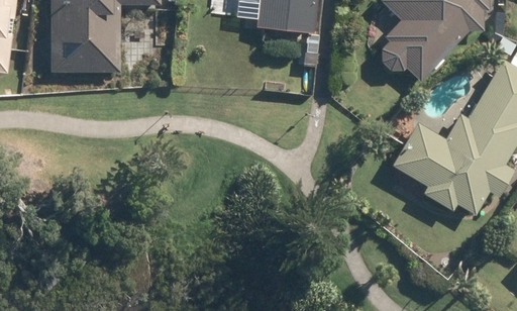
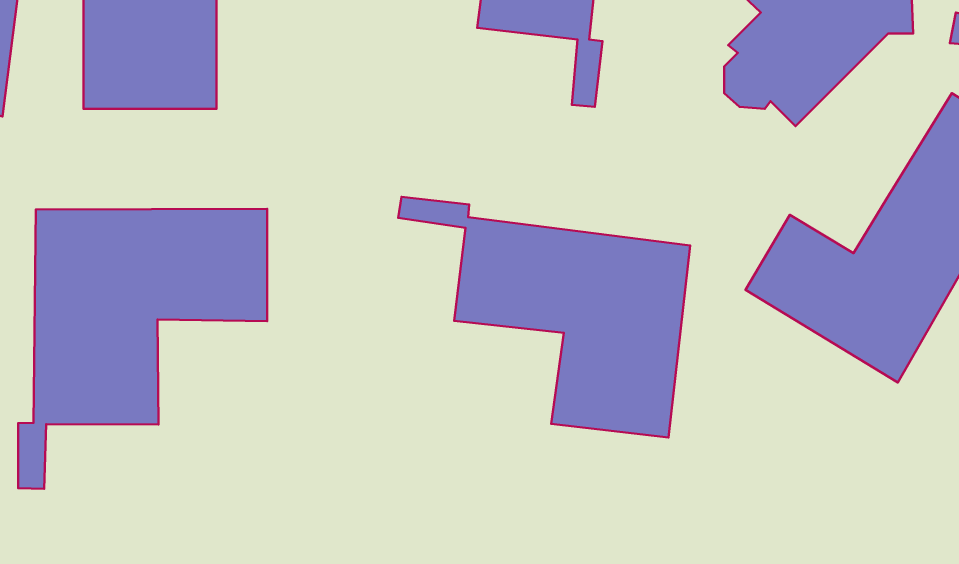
building: none -> [398,197,690,437]
building: none -> [18,209,267,489]

